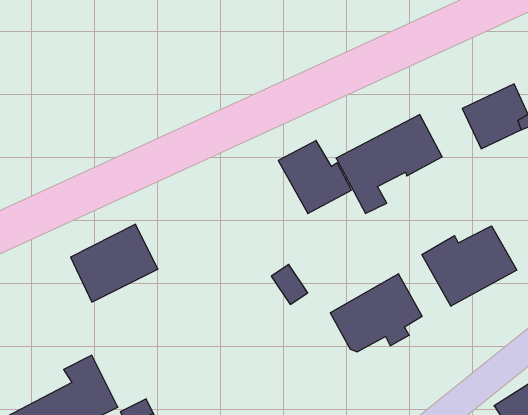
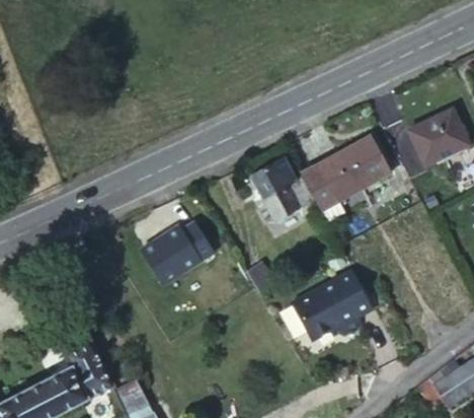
building: [71,224,158,302] -> [144,219,219,286]
building: [422,226,517,306] -> none

